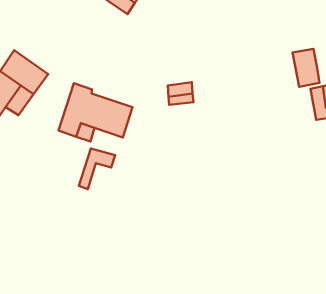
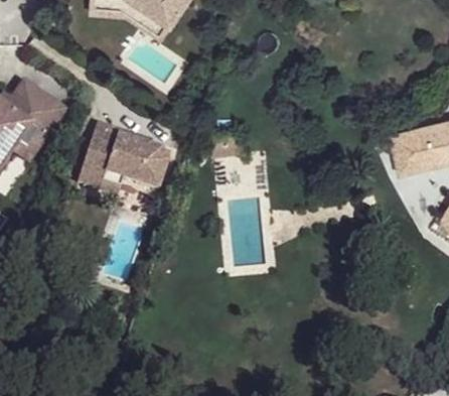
building: [293,49,320,87] -> none
building: [79,148,115,189] -> none

